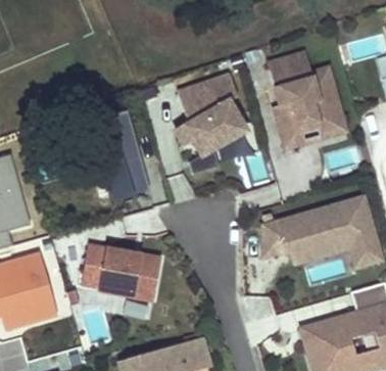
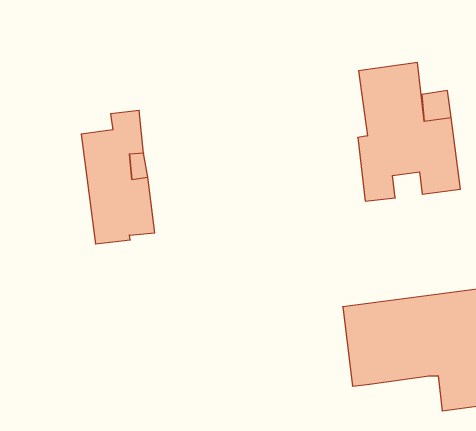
building: [175,73,245,173] -> none
building: [81,244,161,302] -> none

